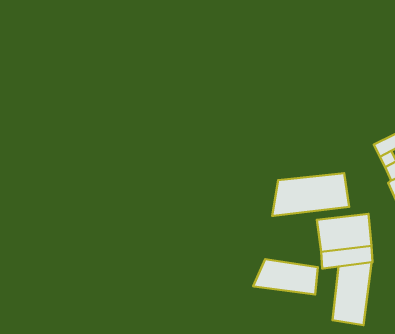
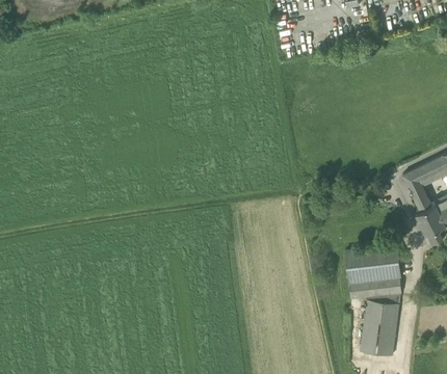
building: [272,173,349,216] -> none
building: [253,259,318,294] -> none

